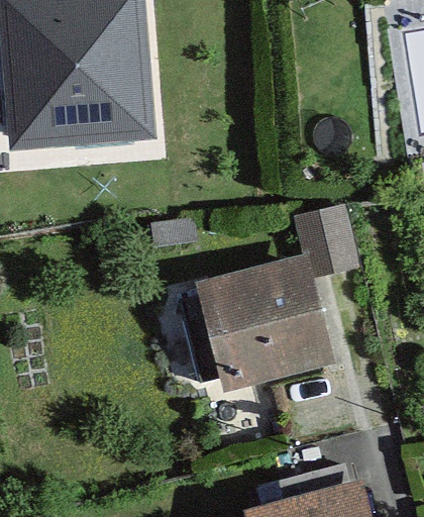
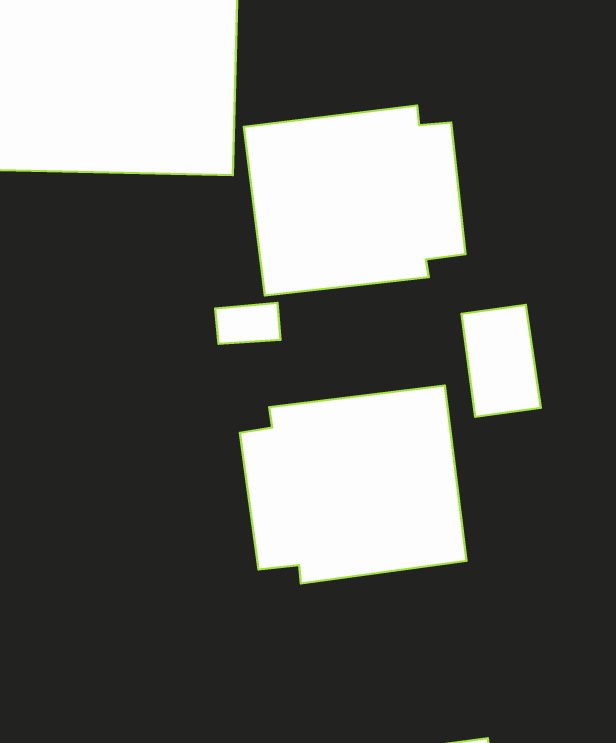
building: none -> [244,105,466,295]

